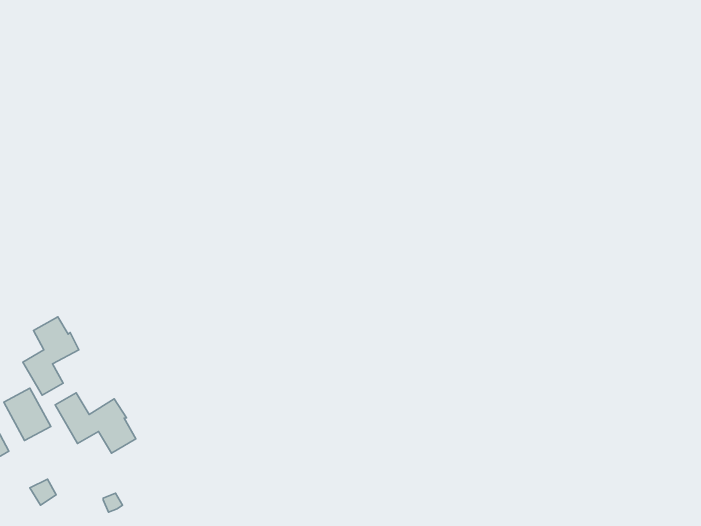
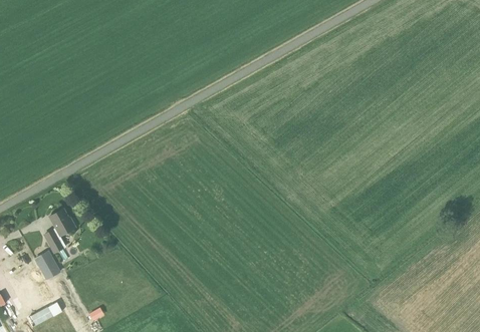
building: [55,393,136,453] -> none

